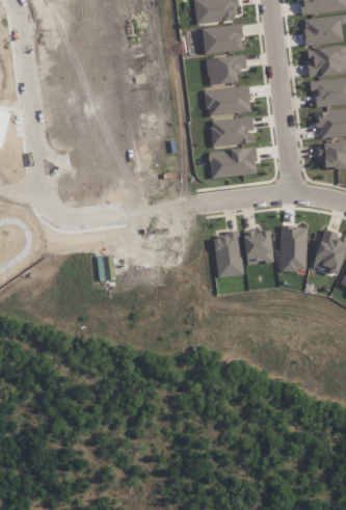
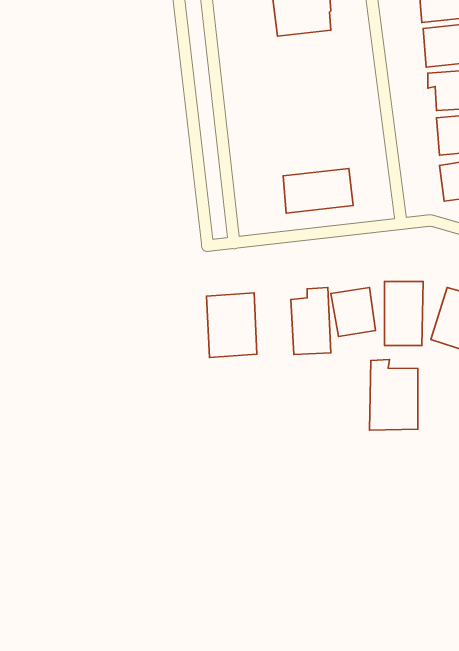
building: [205,55,246,85] -> none
building: [204,85,250,116] -> none
building: [210,115,254,149] -> none
building: none -> [207,293,257,358]
building: none -> [369,360,418,430]

